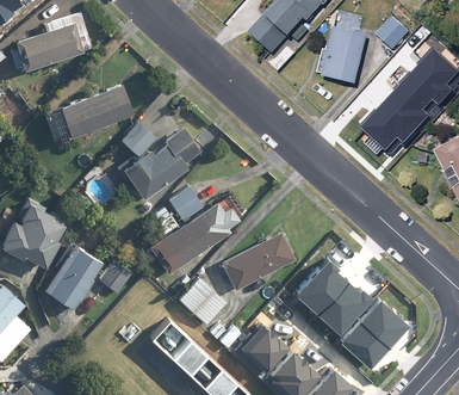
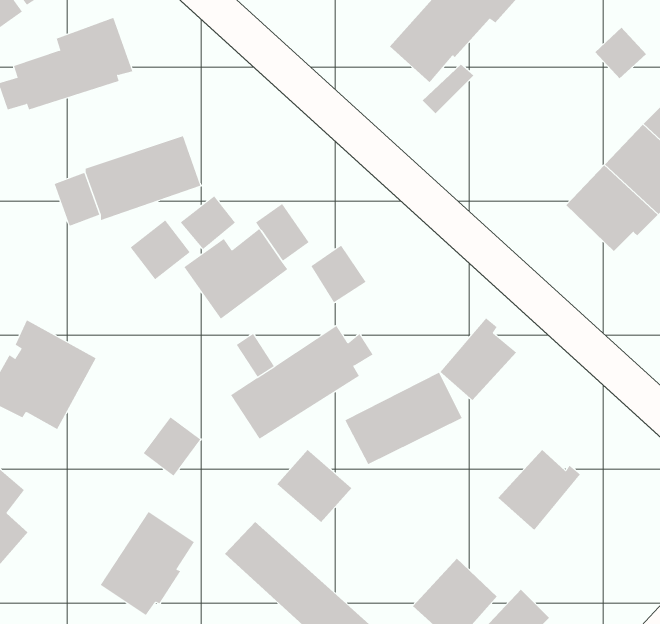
building: [322,29,368,86] -> none
building: none -> [130,219,191,280]
building: [168,185,203,221] -> [310,245,367,303]
building: [45,243,104,308] -> [100,511,195,616]
building: [296,257,343,308] -> [439,318,517,401]
building: [340,298,402,360] -> none
building: [232,317,285,370] -> none

